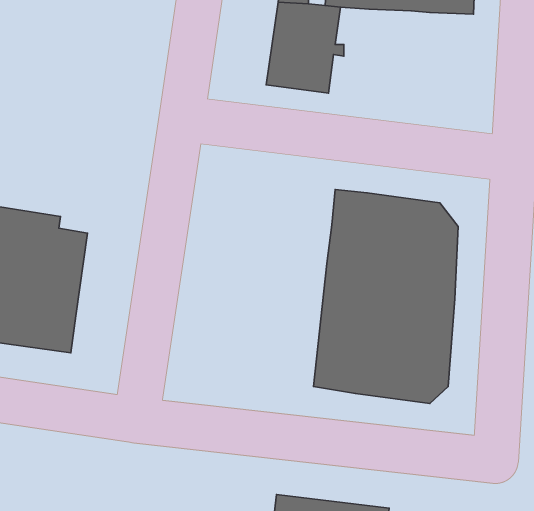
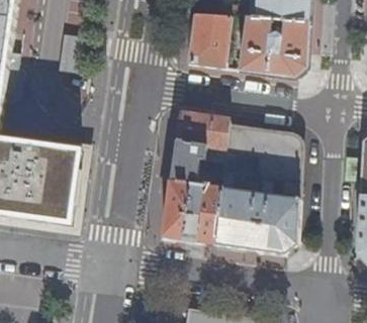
building: none -> [238,16,309,76]
building: none -> [159,111,227,242]

